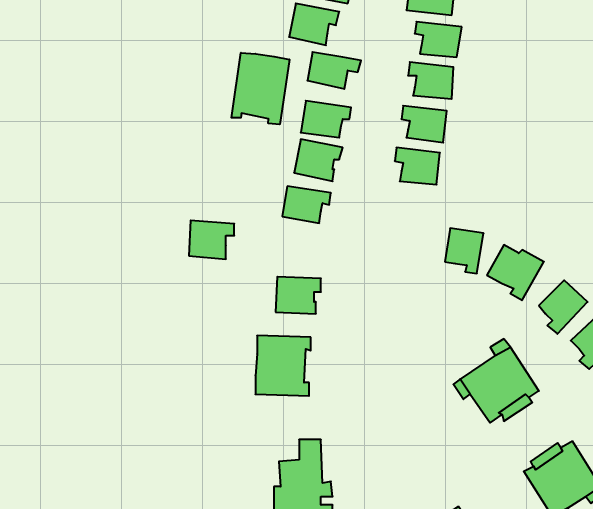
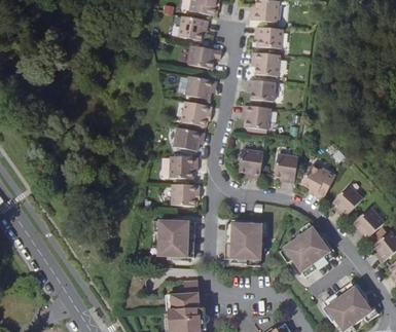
building: [231,53,289,124] -> none
building: none -> [239,147,263,177]
building: [189,220,234,259] -> [170,155,197,179]
building: none -> [228,221,256,258]

